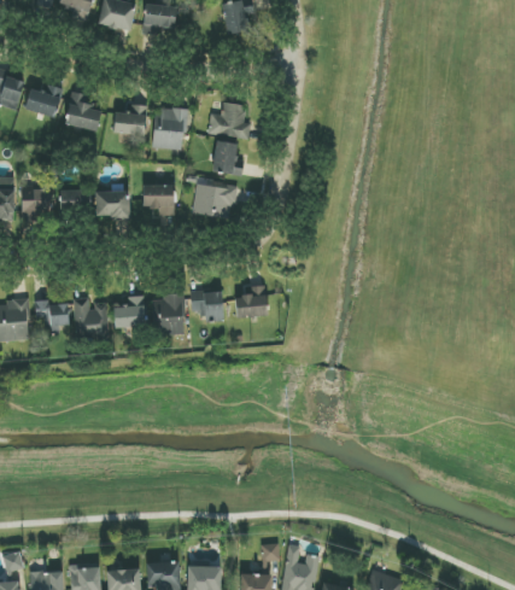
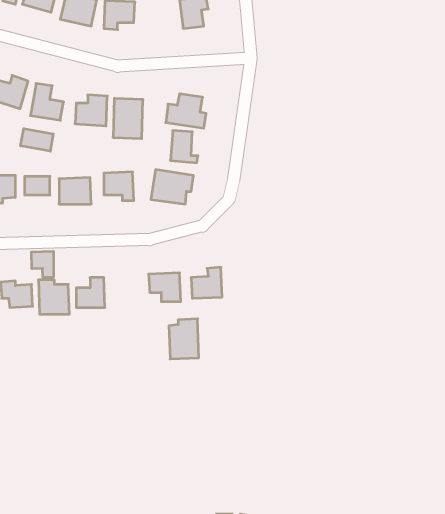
building: none -> [21,129,53,151]
building: none -> [31,251,53,277]
building: [153,293,185,335] -> [169,319,199,359]

